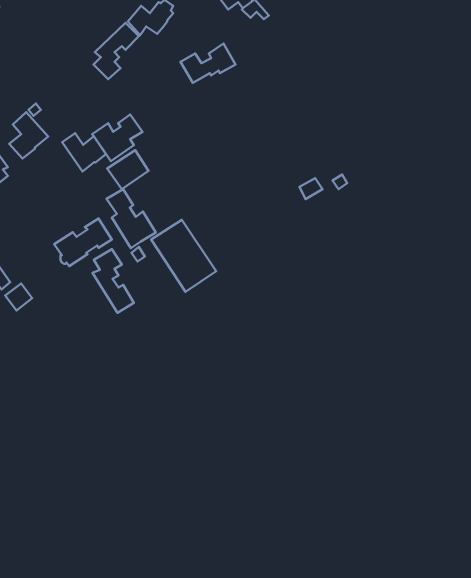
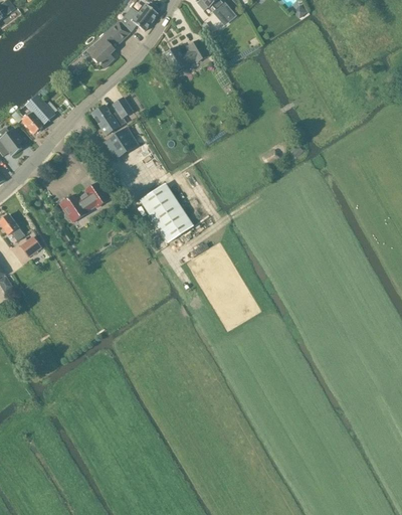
building: [62,133,106,171] -> none
building: [107,189,156,248] -> none
building: [93,249,134,313] -> none

